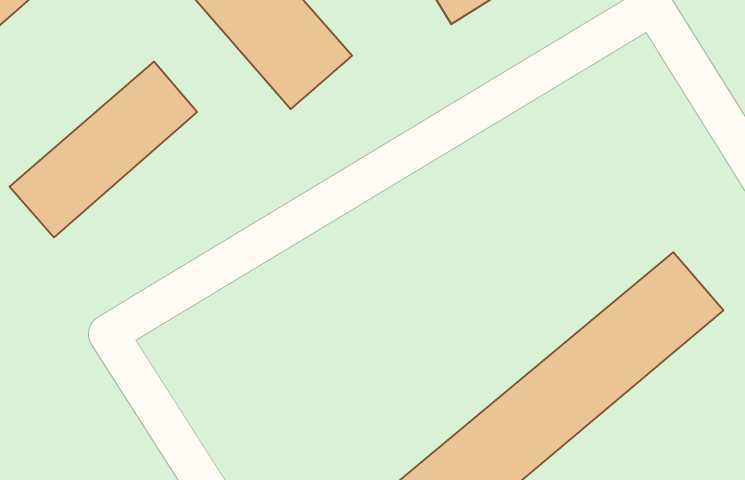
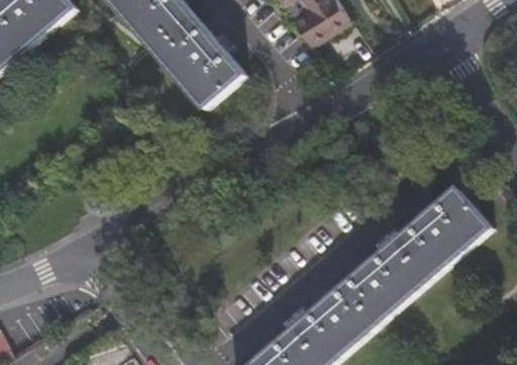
building: [10,62,197,237] -> none

